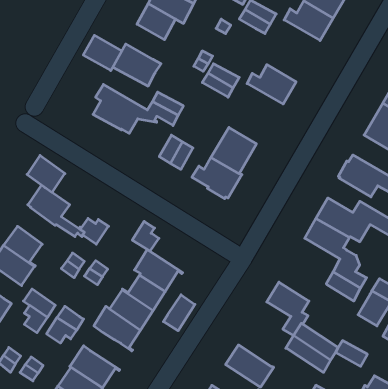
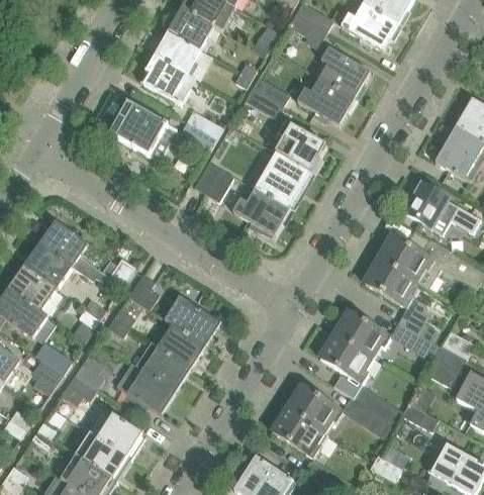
building: [83,35,122,71] -> [155,30,200,72]
building: none -> [320,45,371,98]
building: none -> [276,120,327,173]
building: [27,155,65,192] -> [27,245,72,289]
building: [132,221,159,251] -> [128,273,160,308]
building: none -> [334,310,391,356]
building: [163,295,195,331] -> none
building: none -> [287,384,344,432]

